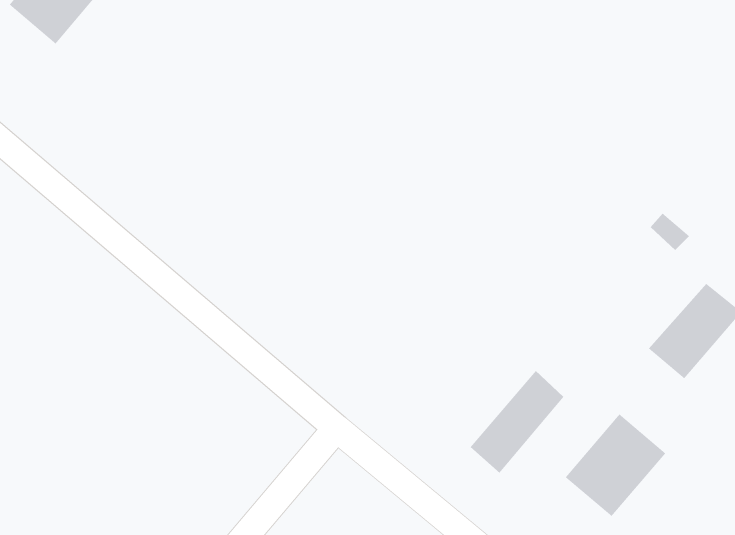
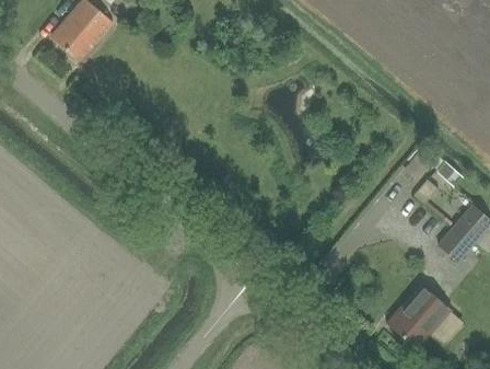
building: [470,370,564,473] -> none

